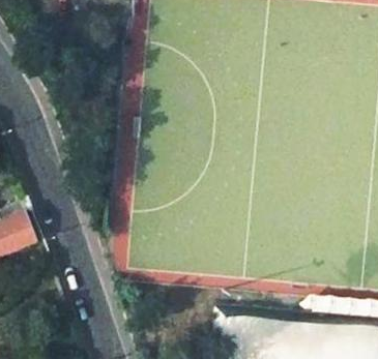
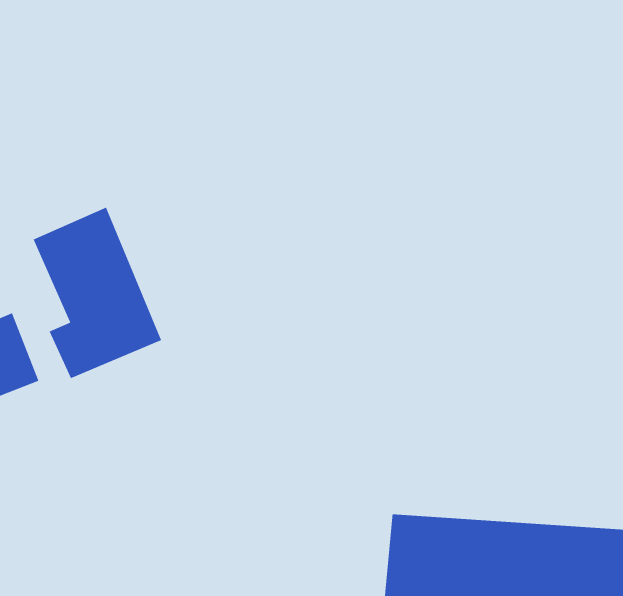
building: none -> [33,207,162,379]

